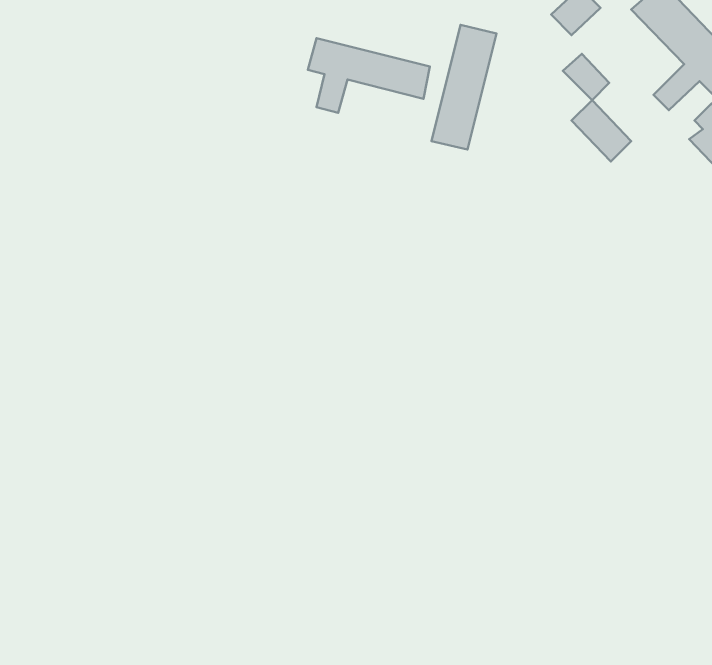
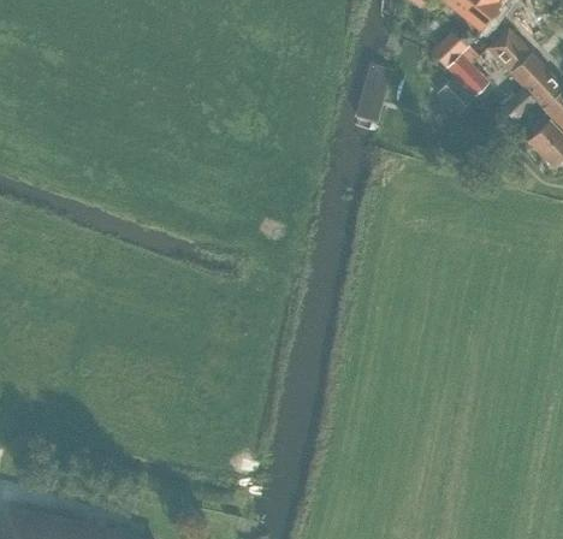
building: [308,38,430,113] -> none
building: [572,100,631,161] -> [448,57,490,100]

